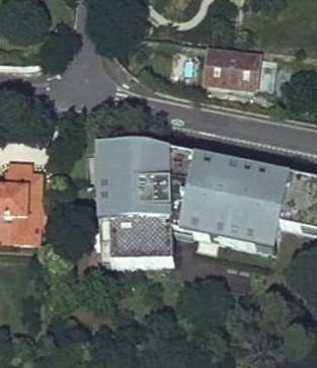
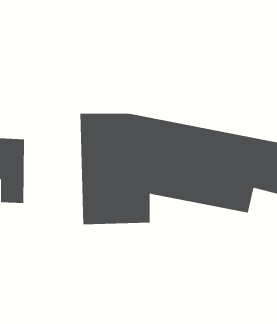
building: [202,46,254,86] -> none

